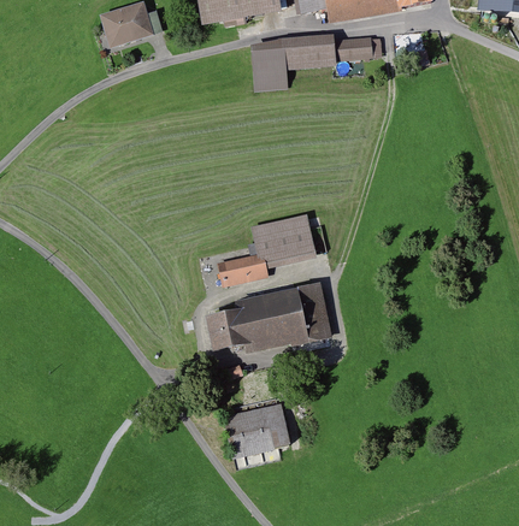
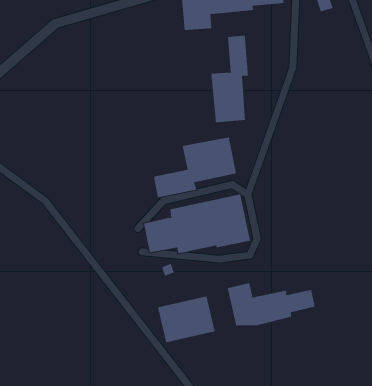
building: none -> [211,35,249,123]
building: none -> [227,282,315,326]

